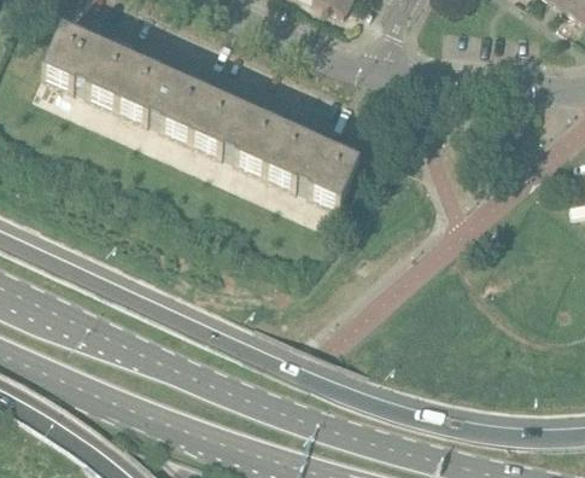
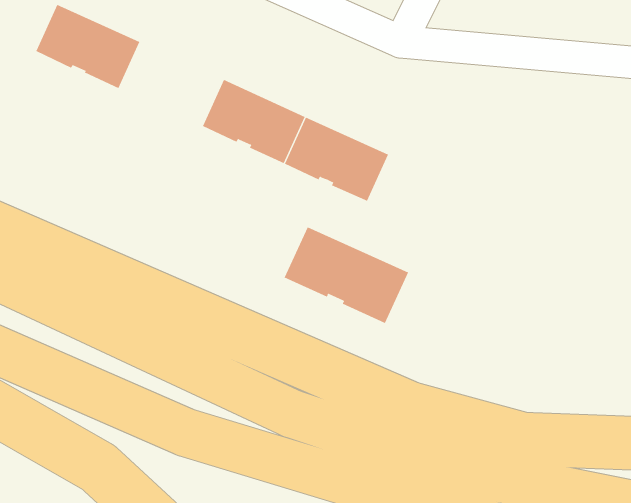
building: [118,59,212,135] -> none
building: none -> [284,226,409,324]

